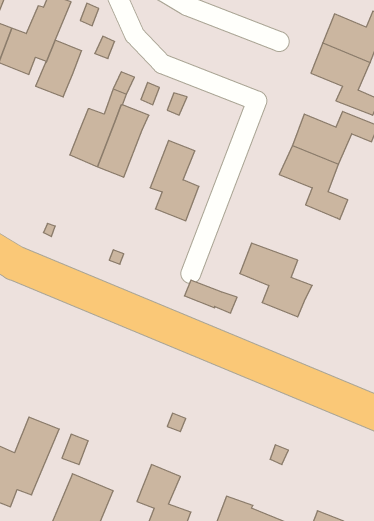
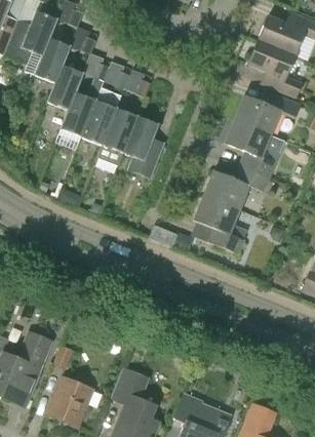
building: none -> [47,65,83,109]
building: none -> [97,108,137,165]
building: none -> [202,165,269,209]

